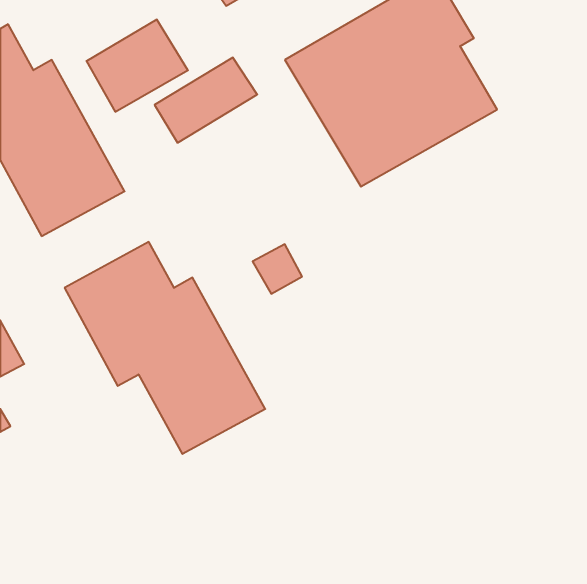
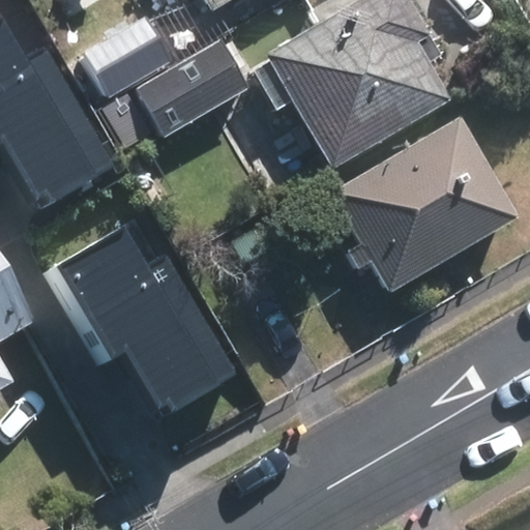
building: none -> [327,120,517,295]

